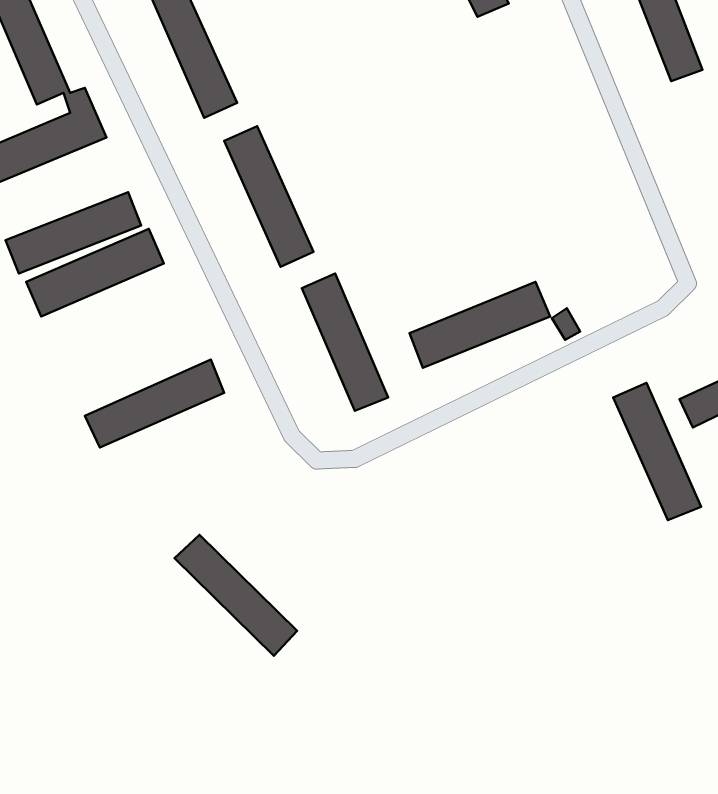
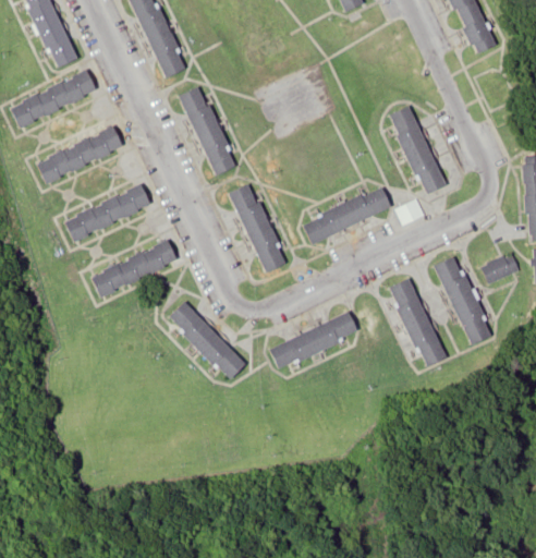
building: none -> [391,105,444,196]
building: [26,229,164,316] -> [62,184,153,242]
building: none -> [390,277,444,367]
building: none -> [270,312,361,367]
building: [175,535,297,656] -> [167,300,247,379]

